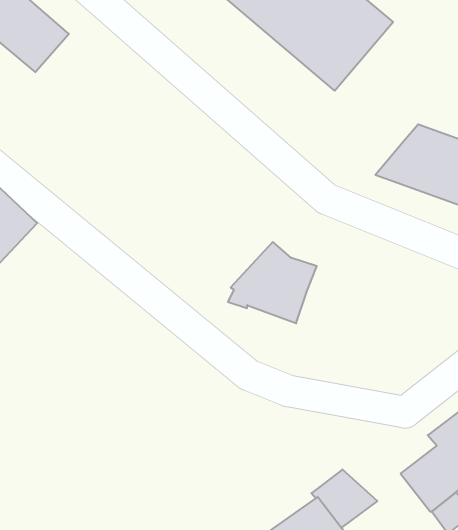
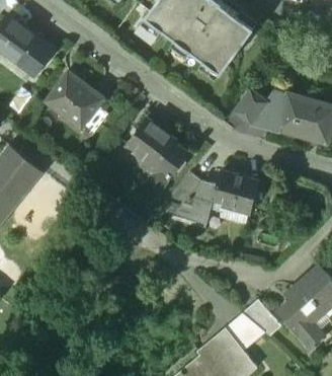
building: none -> [47,73,106,134]
building: none -> [234,90,266,125]
building: none -> [126,118,188,191]
building: none -> [213,171,258,211]
building: none -> [243,297,282,332]

